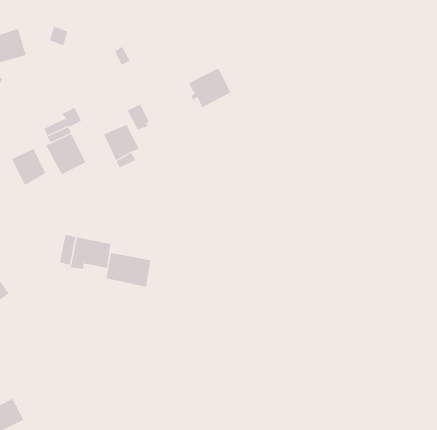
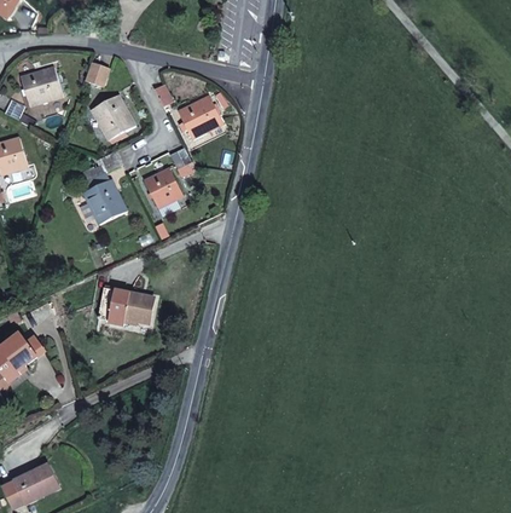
building: none -> [91,94,134,140]
building: [188,68,231,108] -> [176,96,222,139]
building: [11,148,46,186] -> none
building: [106,252,151,288] -> none

